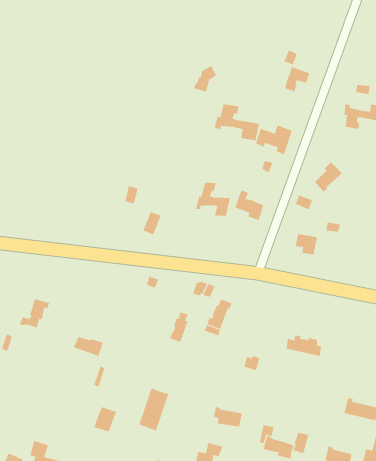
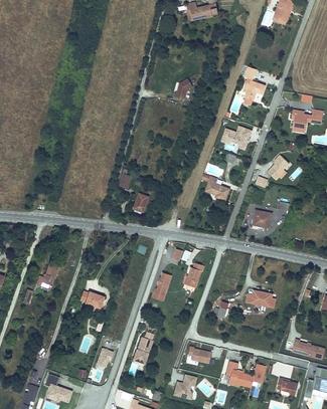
building: [214,103,259,141] -> none
building: [195,182,230,217] -> none

